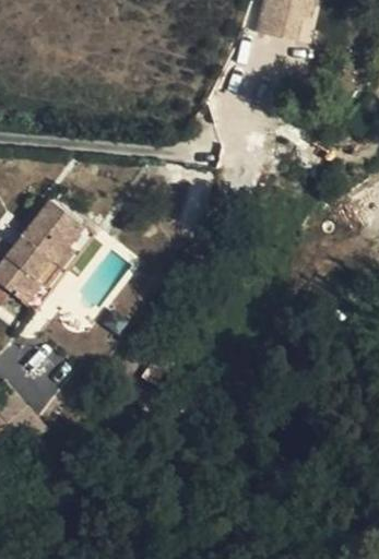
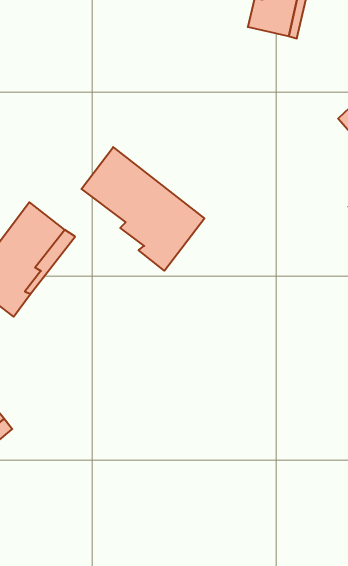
building: none -> [81,147,204,271]

